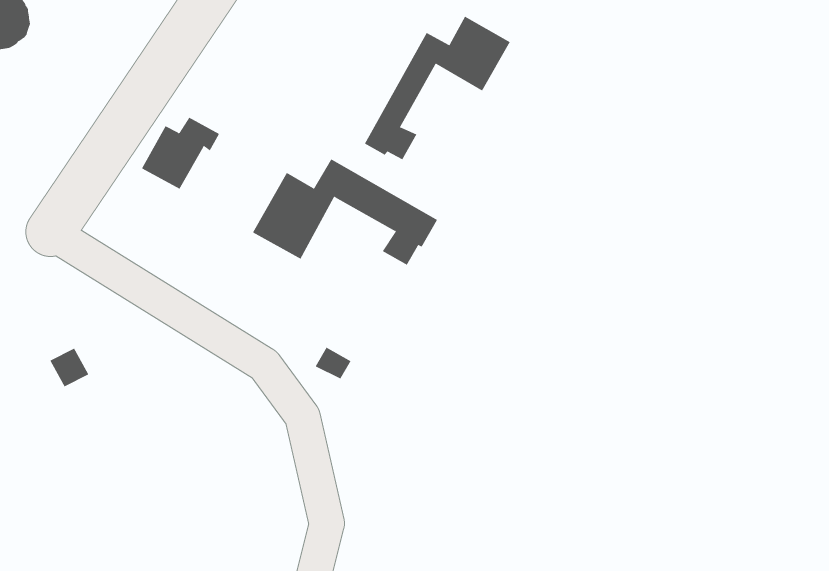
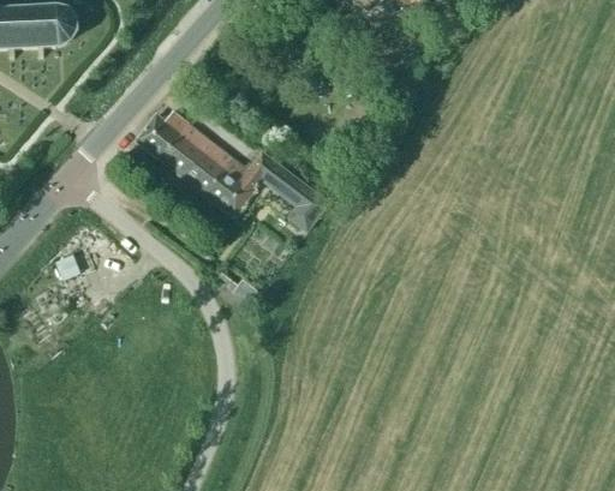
building: [364,16,511,160] -> none
building: none -> [159,124,232,193]

